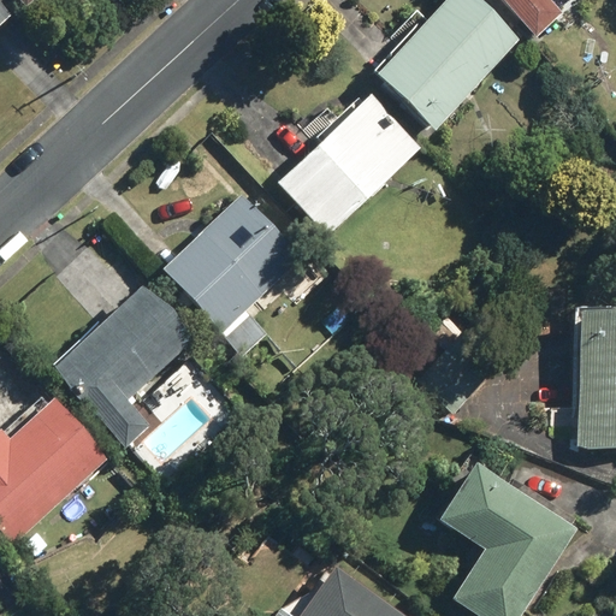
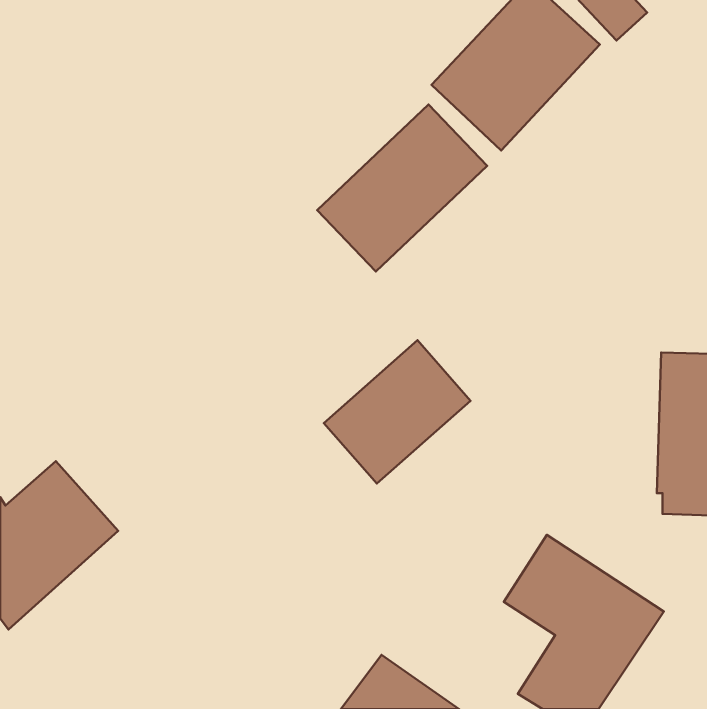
building: [161,194,302,333] -> none
building: [48,282,196,450] -> none
building: none -> [324,340,471,484]

